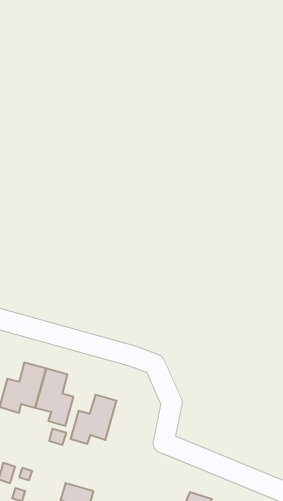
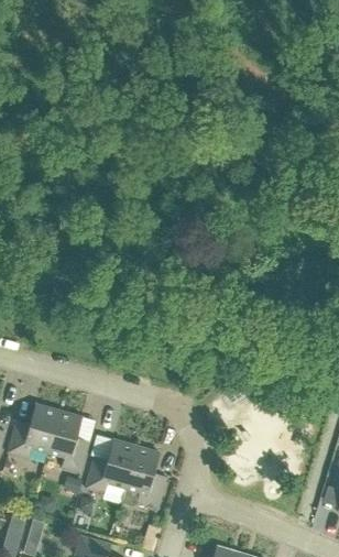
building: none -> [123,445,166,507]

